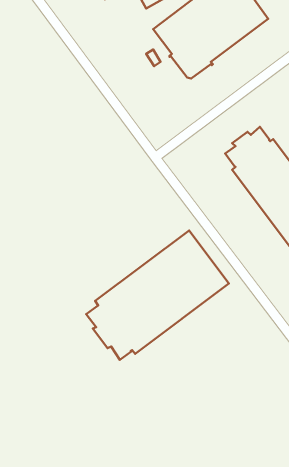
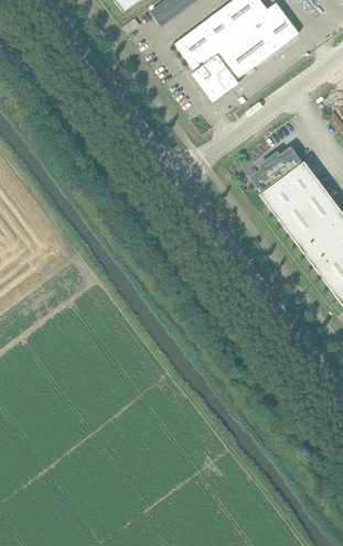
building: [86,230,229,360] -> none

